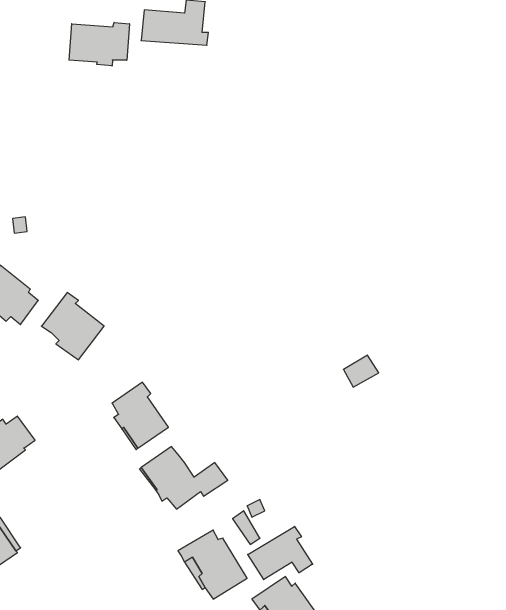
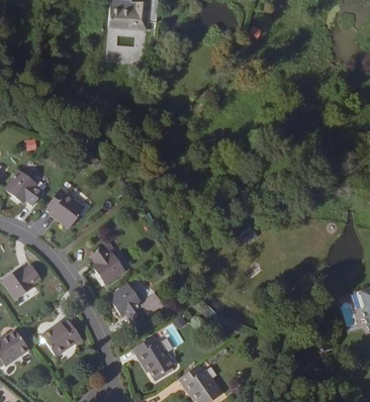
building: [69,22,129,66] -> none
building: none -> [40,318,83,356]
building: [248,526,313,580] -> none

